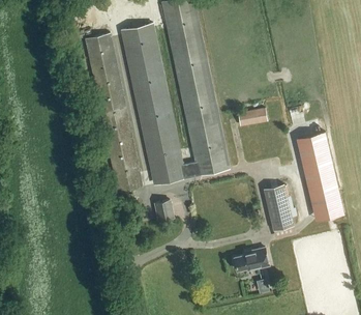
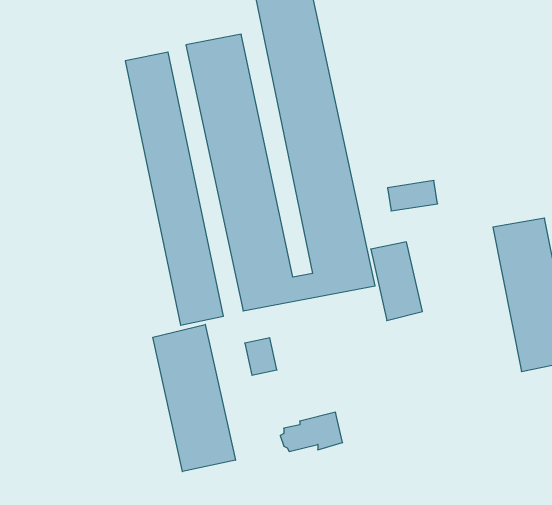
building: [263,184,293,230] -> [371,242,422,321]
building: none -> [153,324,235,472]
building: [232,248,268,270] -> [280,412,343,451]

